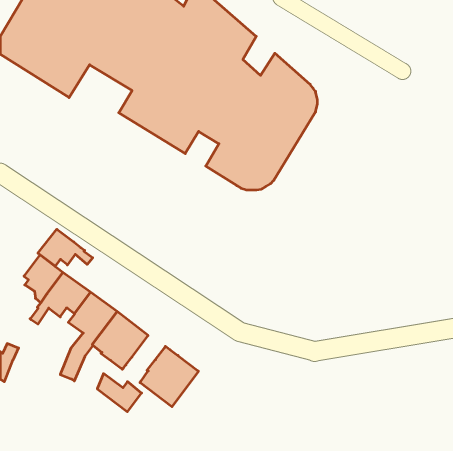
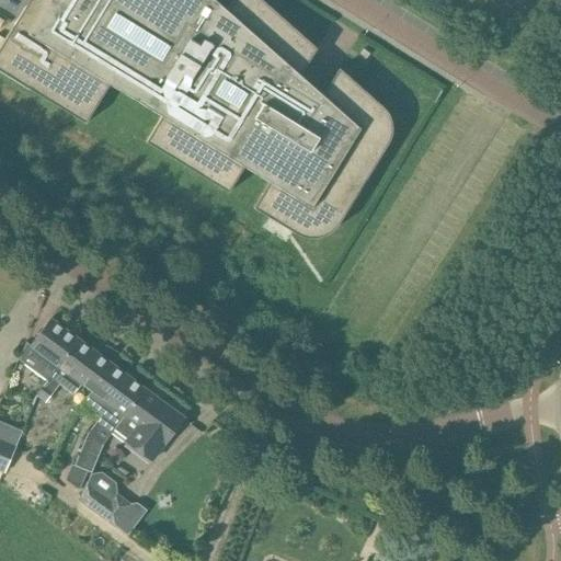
building: [38,229,93,266] -> none
building: [140,346,198,407] -> none
building: [97,374,142,412] -> [79,478,134,525]

